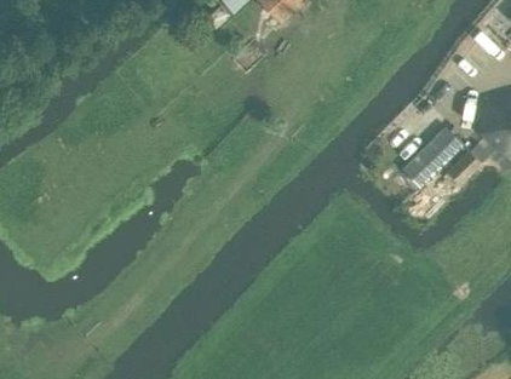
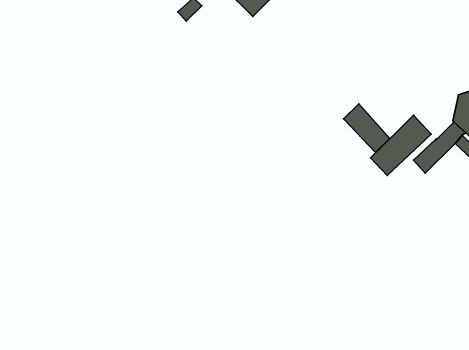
building: none -> [343,104,390,152]

